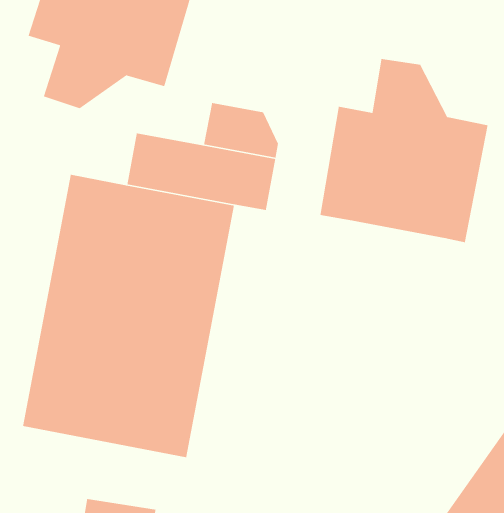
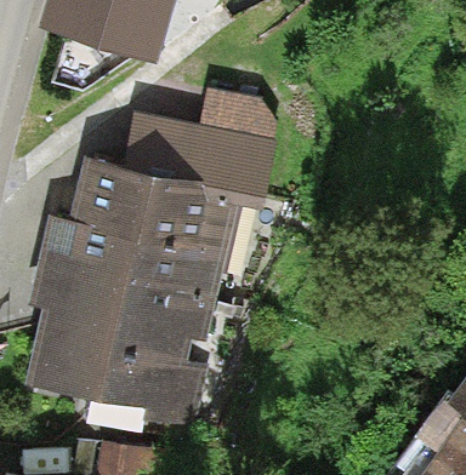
building: [320,58,489,243] -> none

